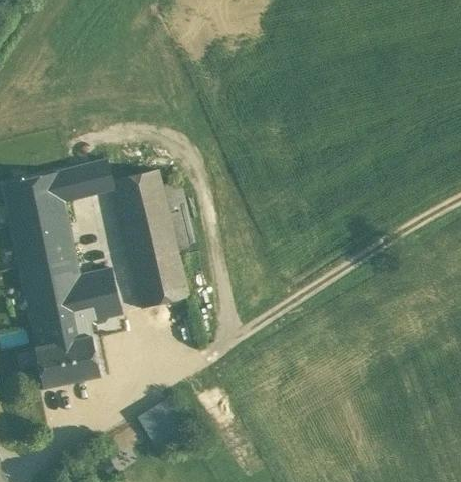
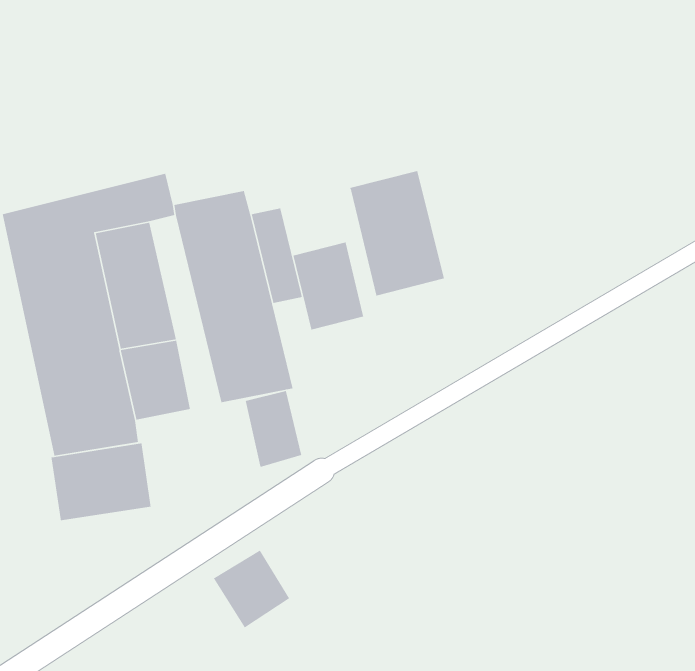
building: none -> [349,170,445,296]
building: none -> [293,242,365,331]
building: none -> [245,390,302,468]

